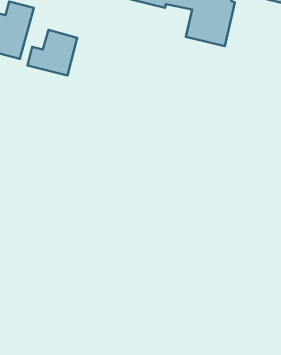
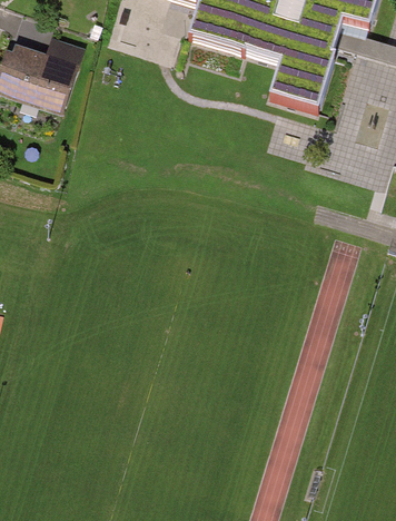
building: [28,30,77,75] -> none

